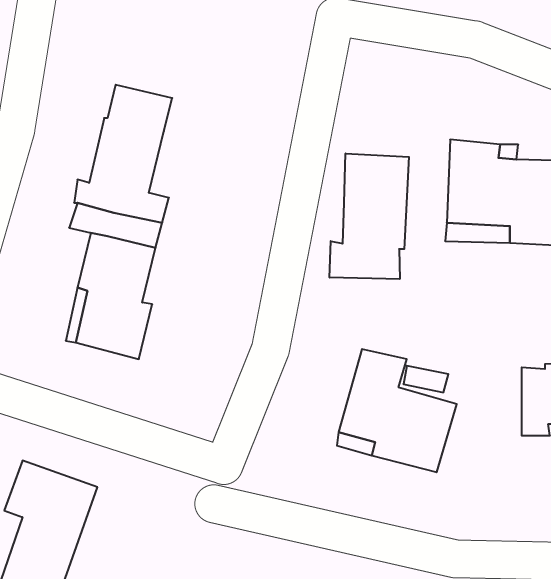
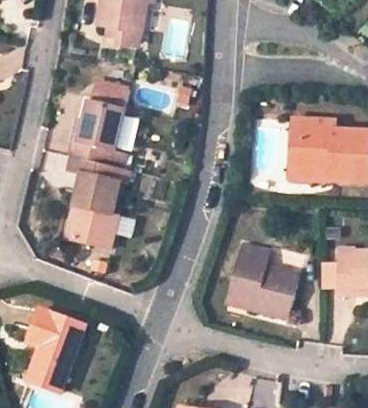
building: [330,153,409,279] -> none

